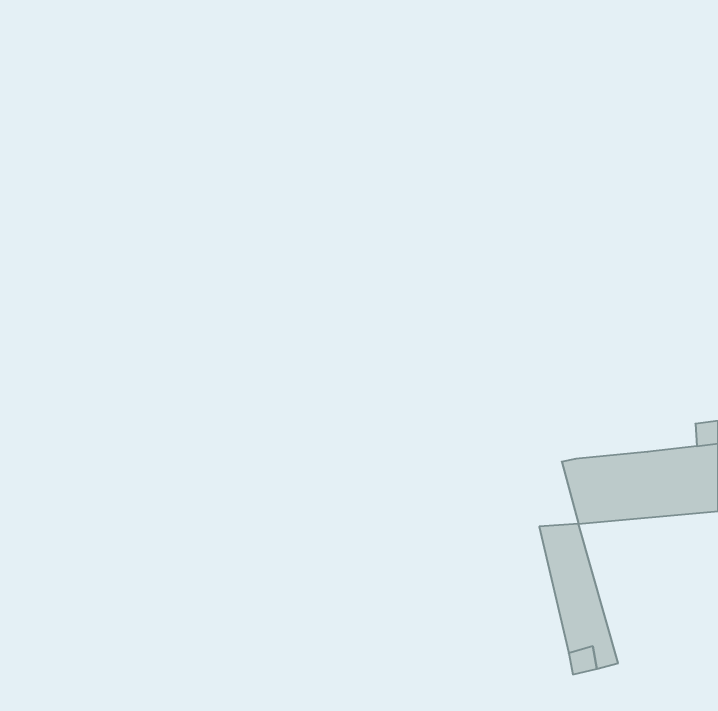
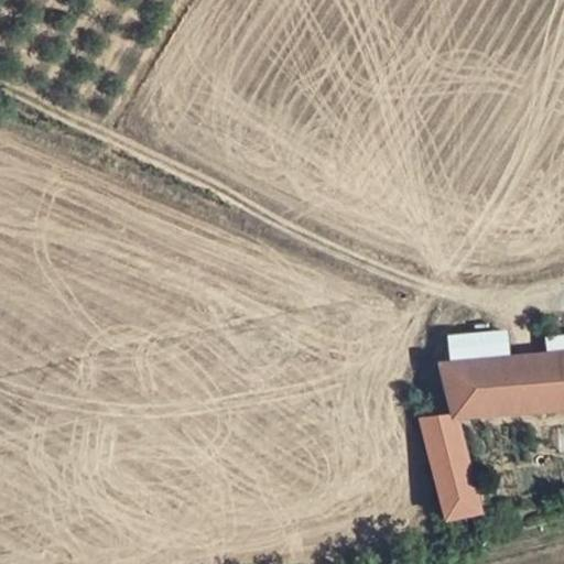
building: none -> [447,335,507,366]

